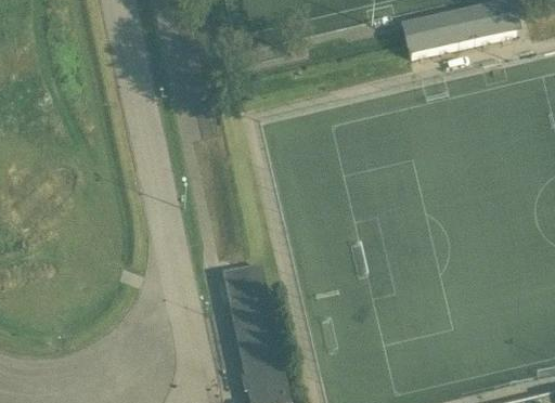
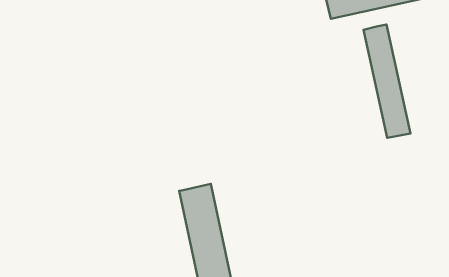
building: none -> [363,24,411,138]

